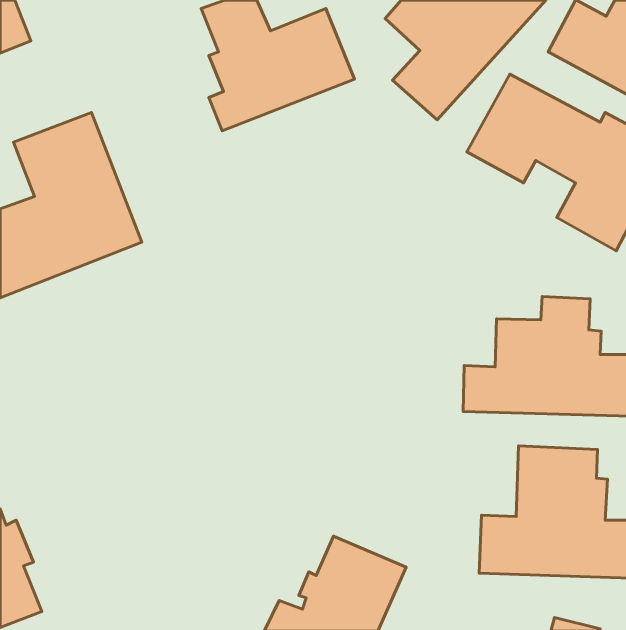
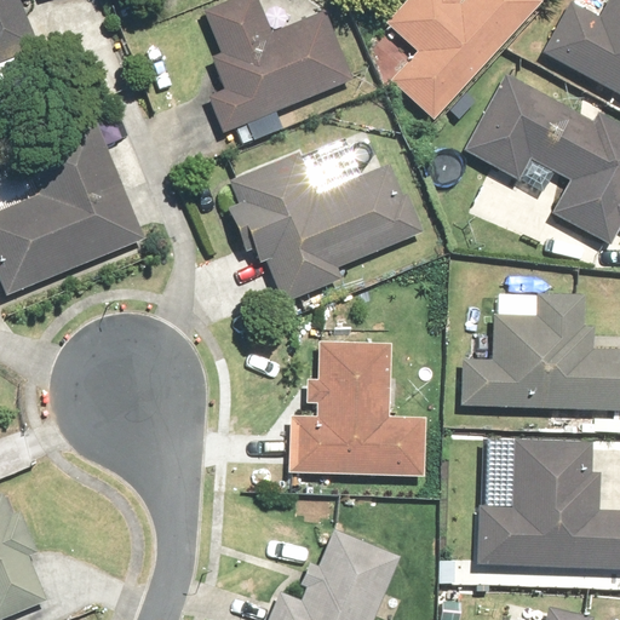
building: none -> [223,151,421,303]
building: none -> [286,344,425,476]

